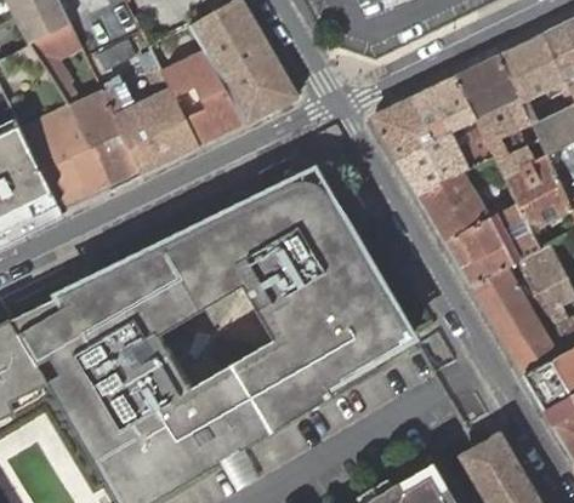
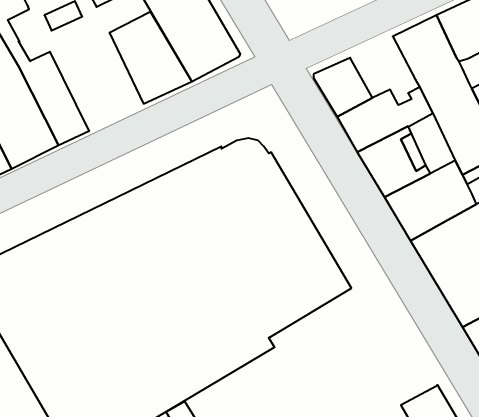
building: [102,53,198,173] -> none
building: [410,76,477,139] -> none

